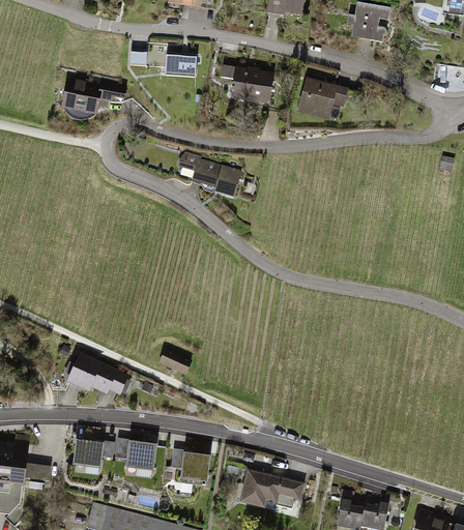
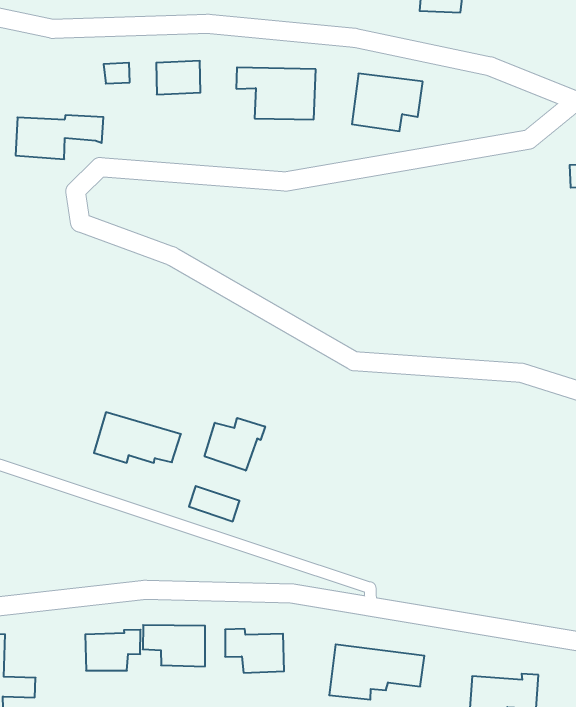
building: [182,153,238,195] -> none
building: none -> [205,418,265,471]
building: [69,357,130,396] -> [94,412,181,463]

